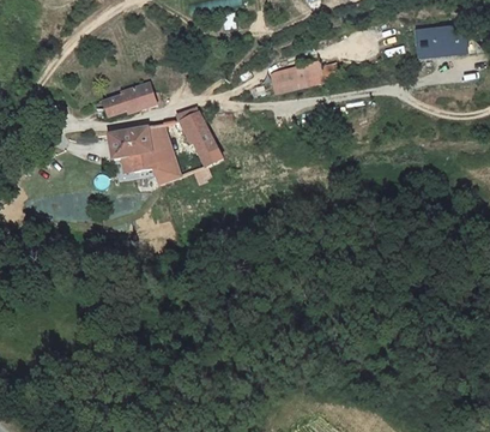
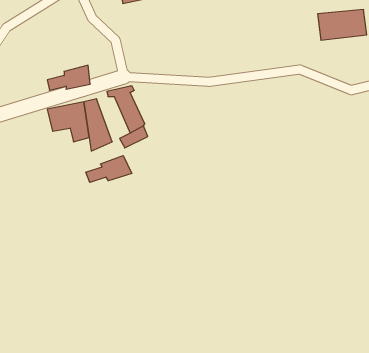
building: [270,62,322,95] -> none
building: none -> [86,156,132,182]

